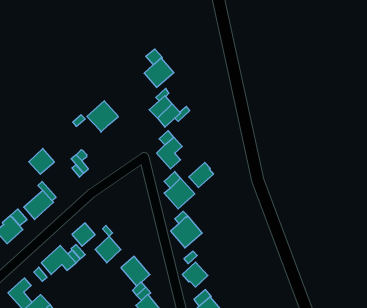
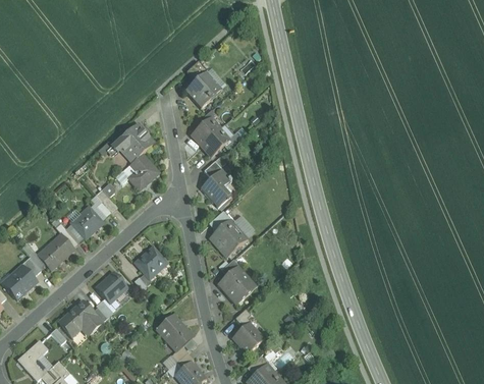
building: none -> [123,154,158,190]
building: [29,148,54,174] -> [70,207,102,238]
building: [189,162,213,188] -> none
building: [95,236,121,263] -> [135,246,166,279]

